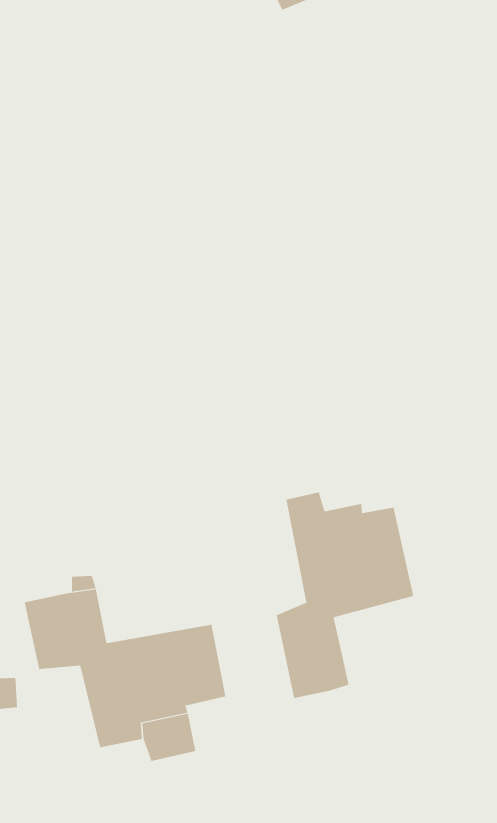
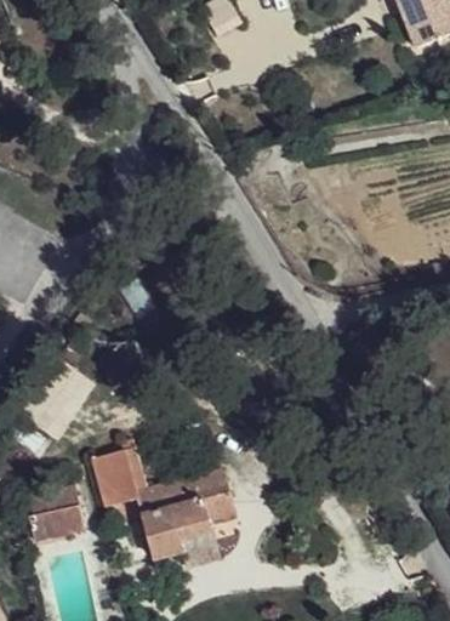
building: [276,491,414,699] -> none

